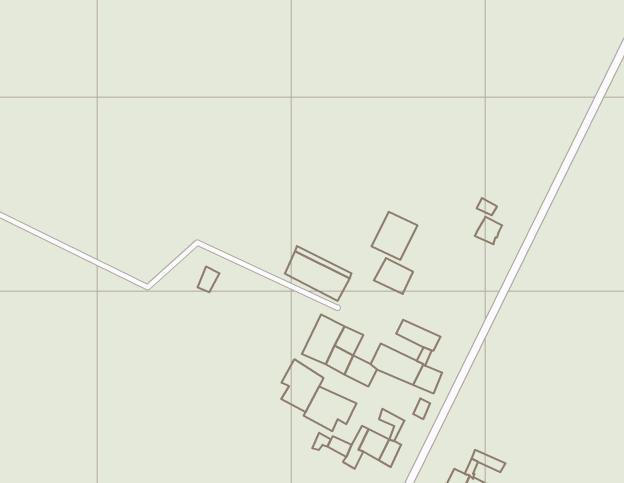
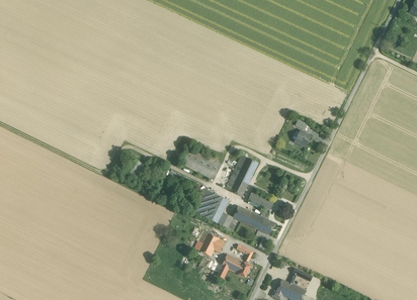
building: [371,212,418,260] -> [225,168,252,196]
building: [281,359,323,412] -> none

